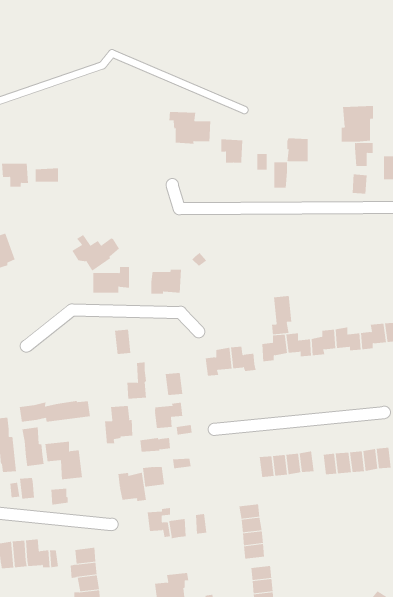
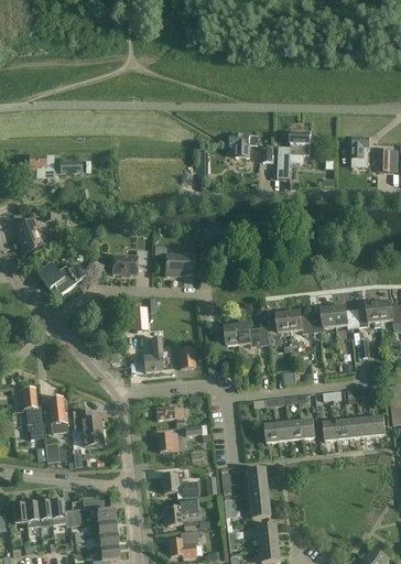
building: [341,105,374,143] -> none
building: [169,111,211,145] -> none
building: [71,234,120,271] -> [40,260,84,294]
building: [271,295,292,335] -> none
building: [19,400,91,423] -> none
building: [155,402,183,429] -> none
building: [105,405,133,444] -> none
building: [118,472,147,502] -> none
building: none -> [164,498,198,524]

